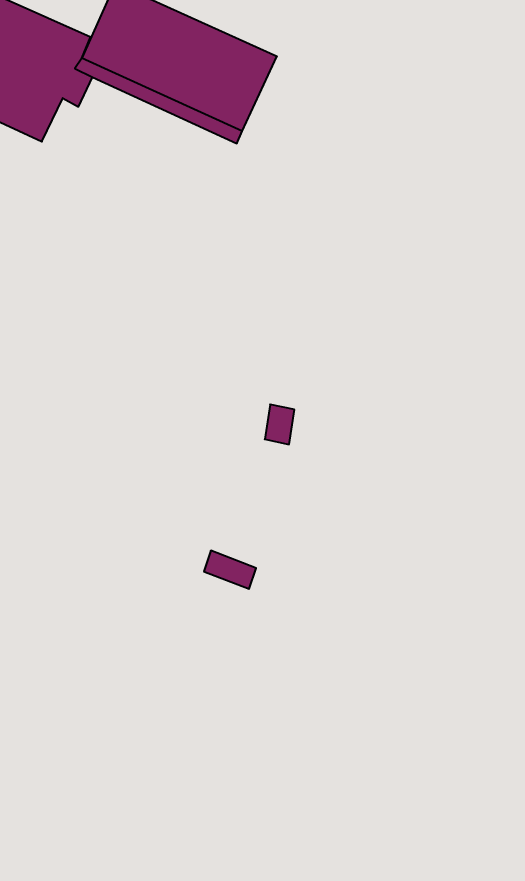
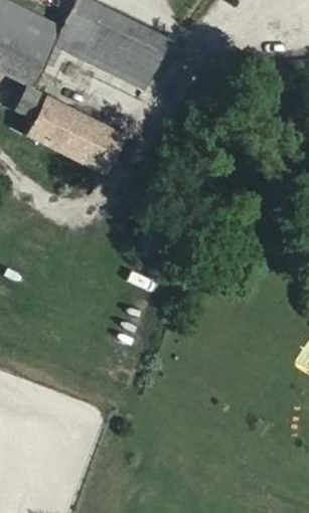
building: none -> [10,86,117,169]

